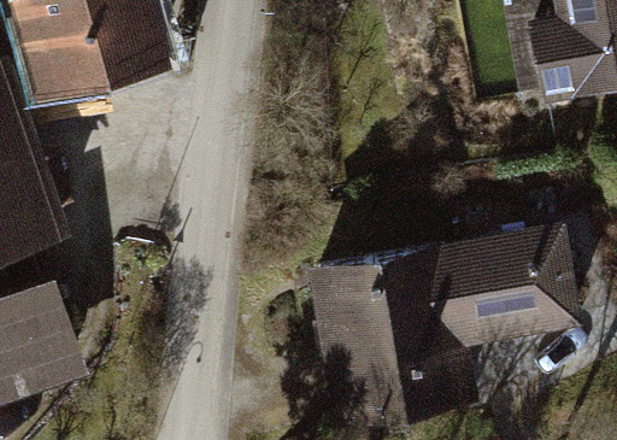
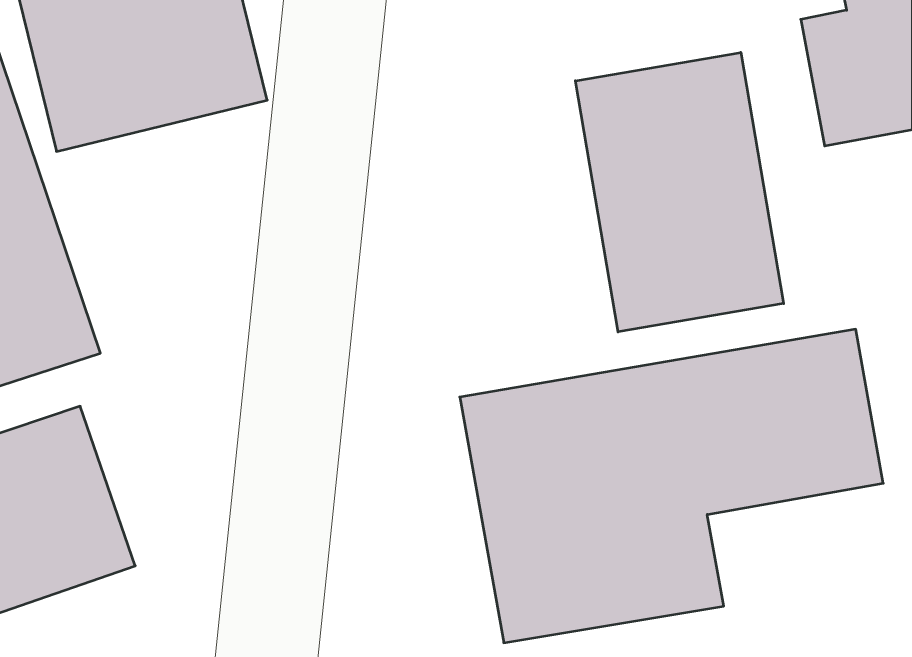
building: none -> [575,52,784,332]

